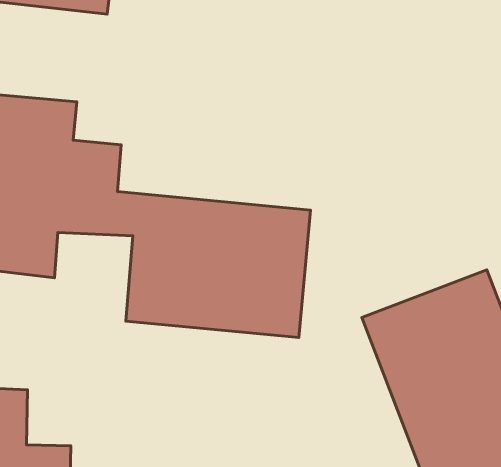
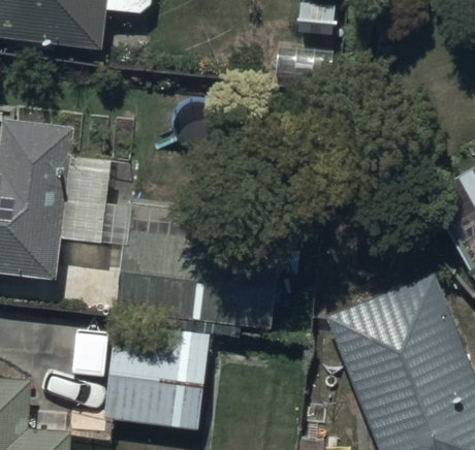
building: none -> [104,328,212,430]

